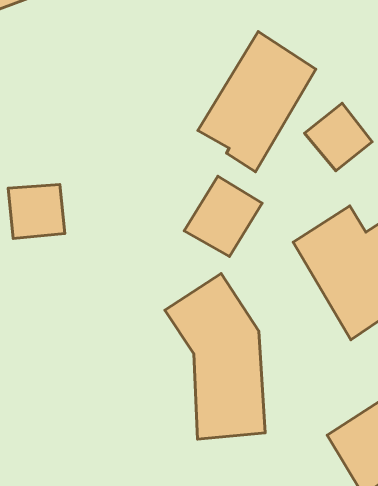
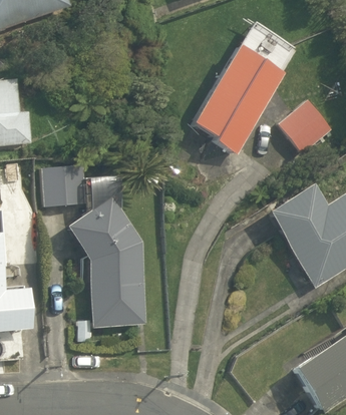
building: [184,176,262,257] -> none
building: [165,274,265,439] -> [66,195,146,328]

